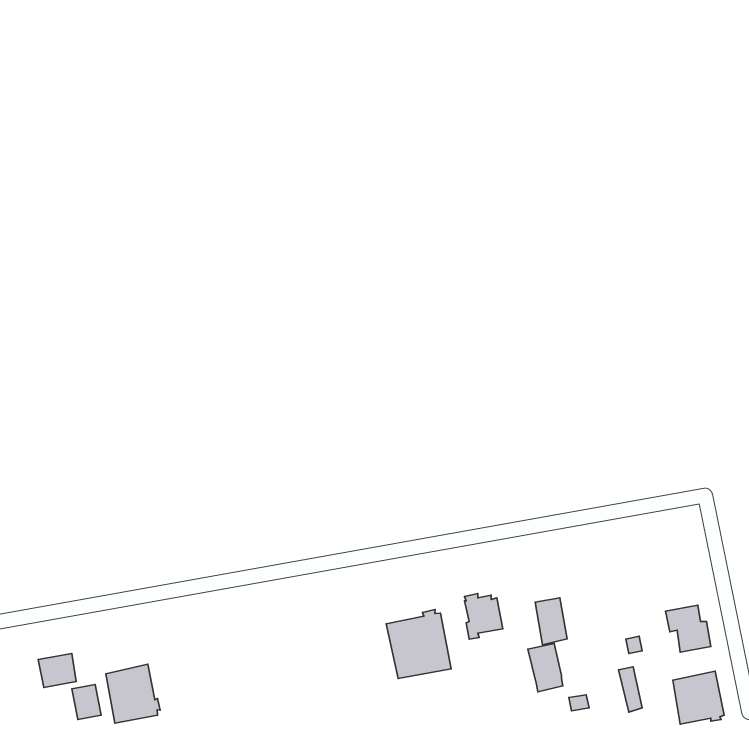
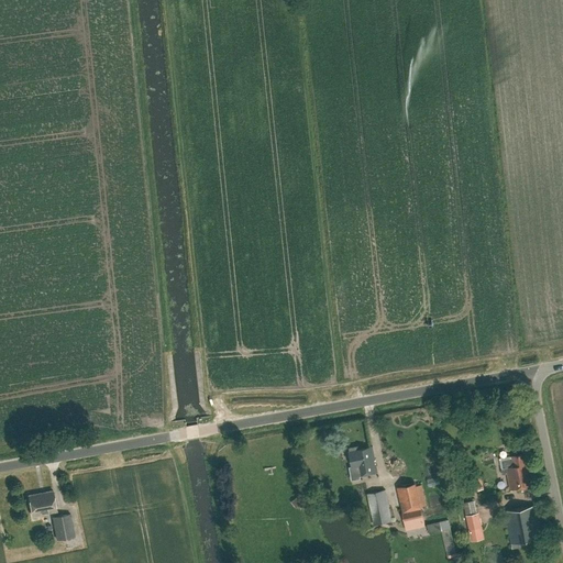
building: [535,598,567,645] -> [367,492,391,527]
building: [386,610,451,679] -> none
building: [106,664,160,723] -> none

